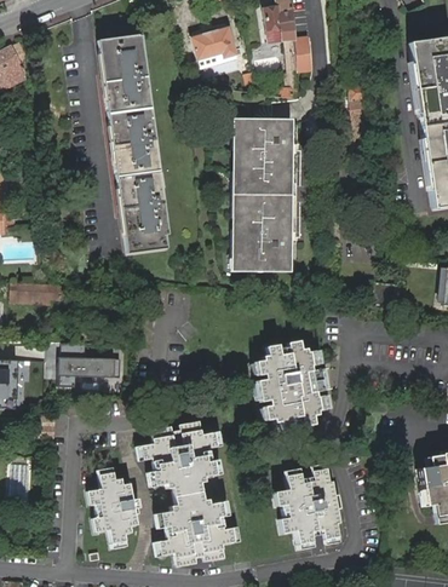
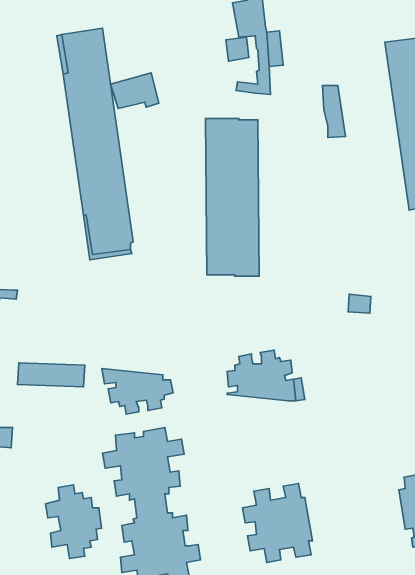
building: [190,25,236,59] -> [111,73,159,108]
building: [258,384,326,427] -> [102,369,173,414]

